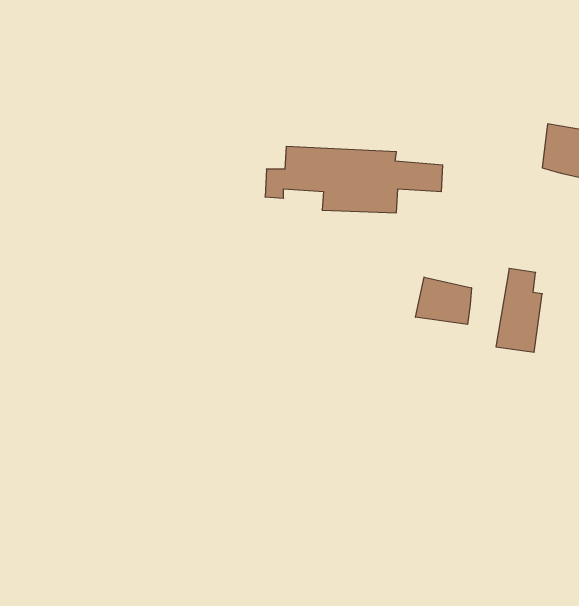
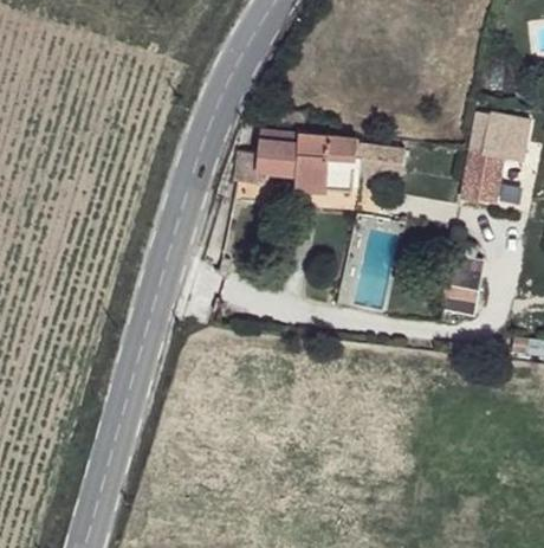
building: none -> [461,148,500,204]
building: [416,277,471,324] -> none

